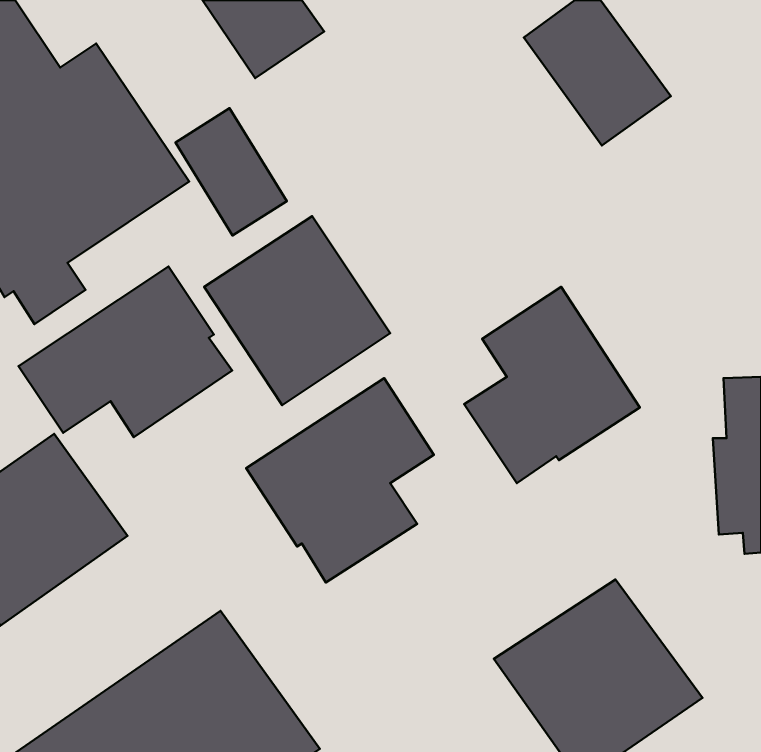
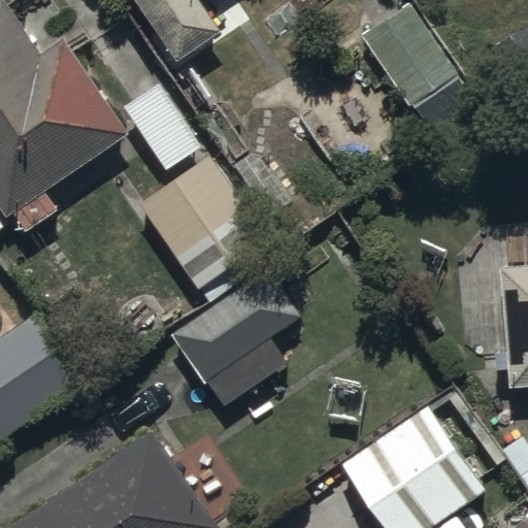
building: [19,266,232,437] -> none
building: [464,287,640,483] -> none

